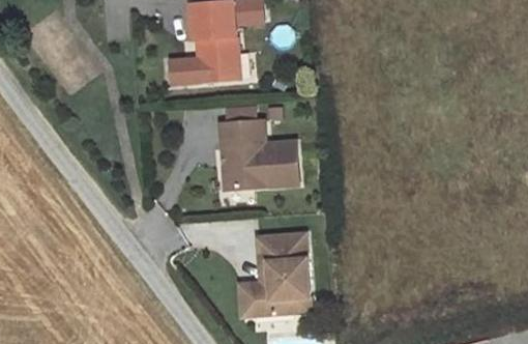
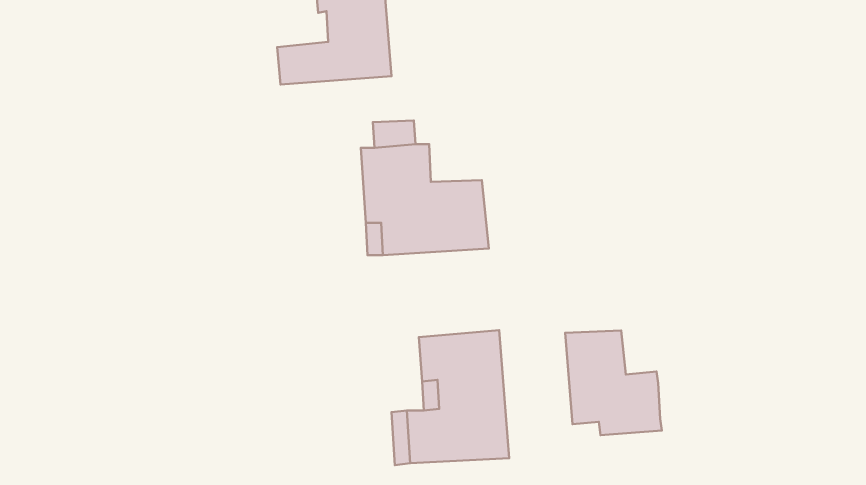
building: none -> [565,331,662,435]

